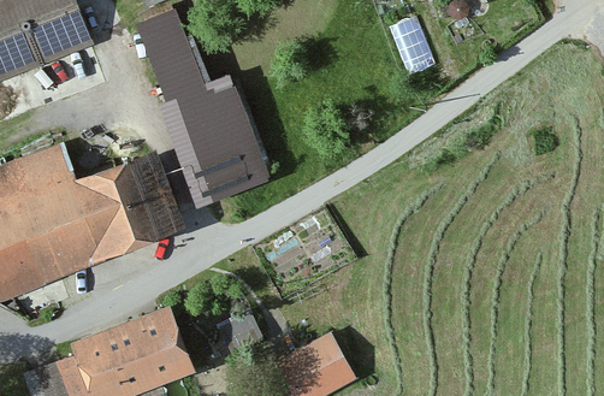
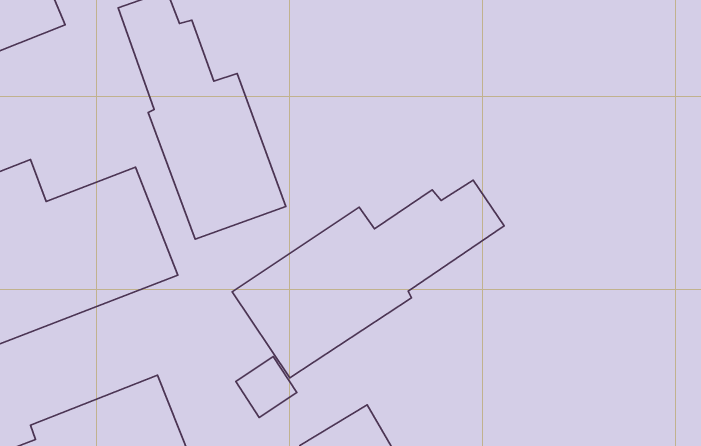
building: none -> [232,180,504,378]

